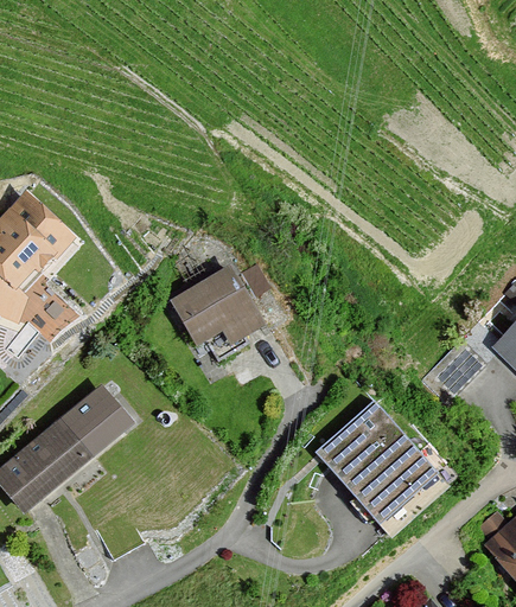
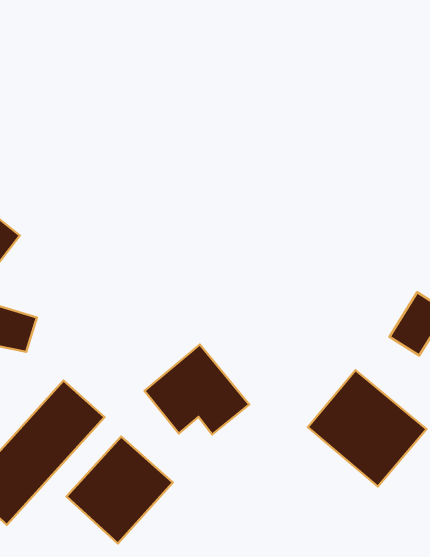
building: [176,270,275,359] -> [144,345,249,435]
building: none -> [66,436,173,544]

